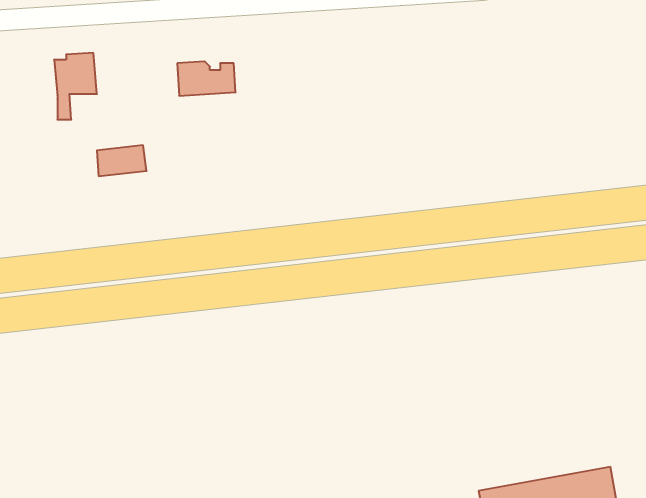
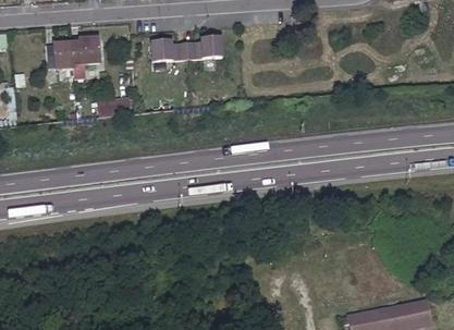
building: none -> [187,38,224,61]
building: none -> [47,40,75,68]

